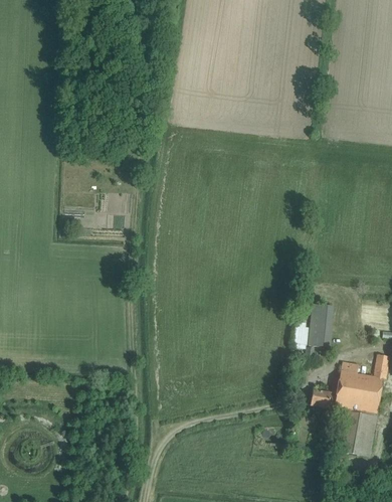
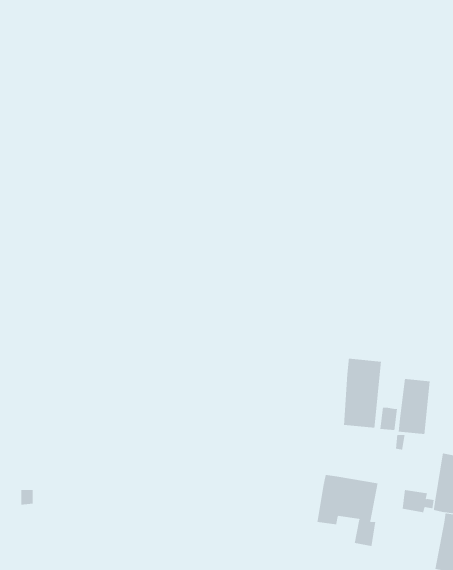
building: none -> [343,358,381,429]
building: none -> [317,474,378,547]

